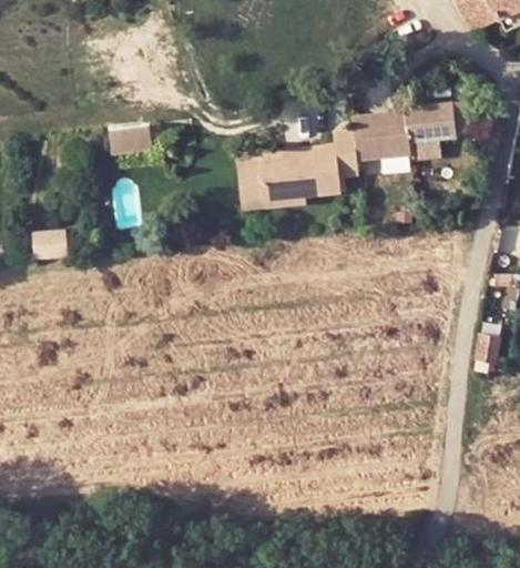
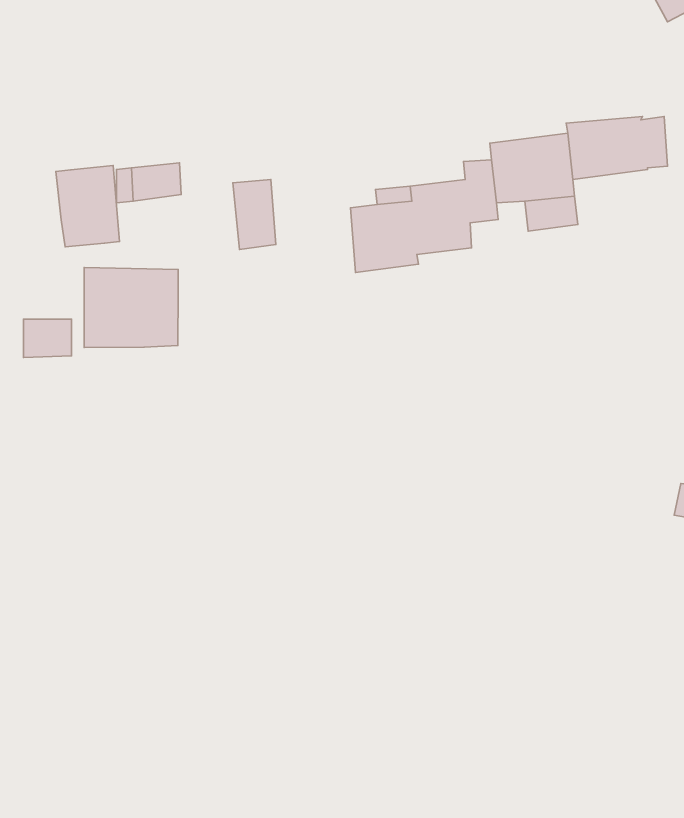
building: none -> [56,165,120,247]
building: [237,158,266,204] -> [233,180,276,249]
building: none -> [84,268,178,348]

